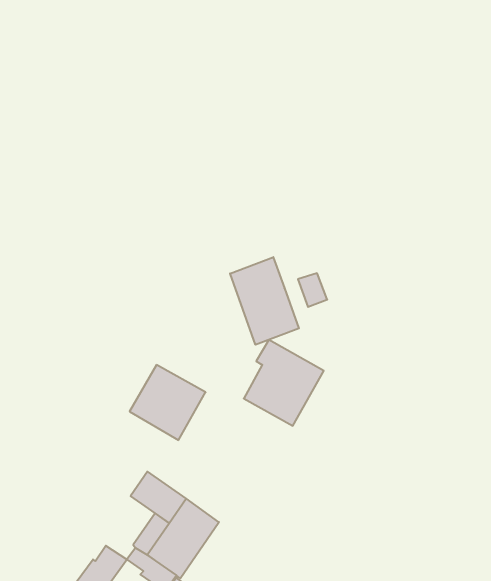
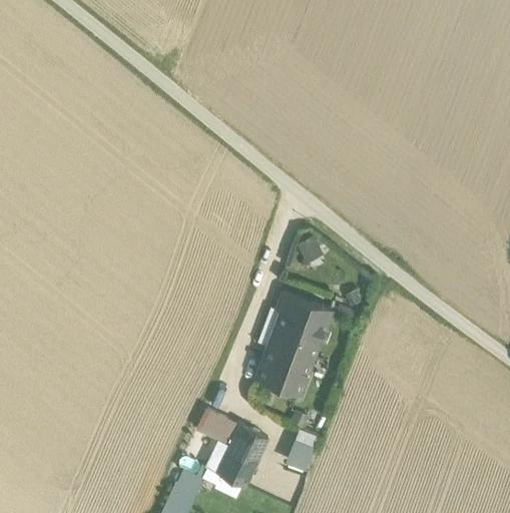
building: [230,257,299,345] -> none
building: [130,365,206,440] -> [258,342,314,397]
building: none -> [286,430,315,472]

